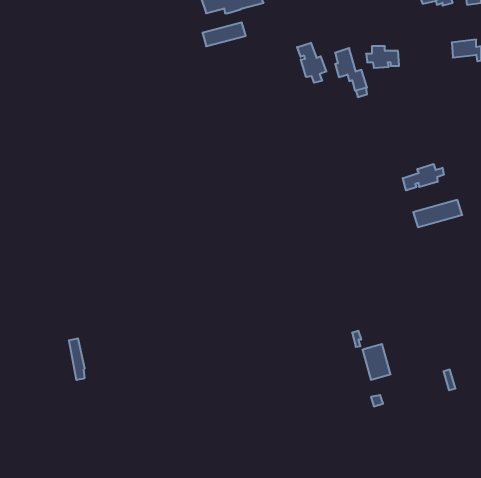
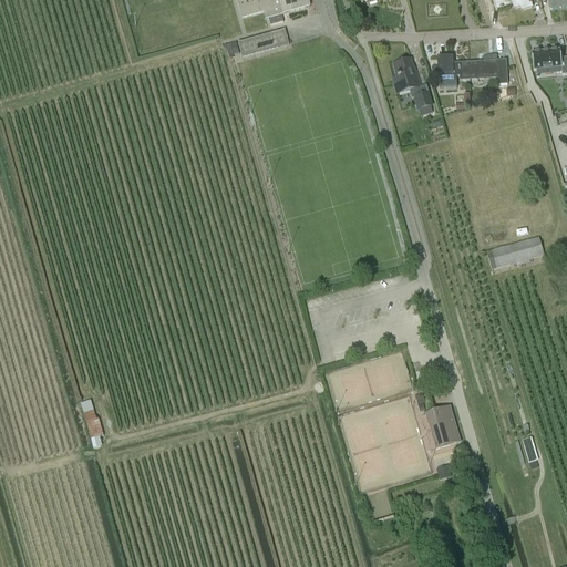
building: [297,43,326,83] -> none
building: none -> [468,52,508,83]
building: [403,164,444,190] -> none

